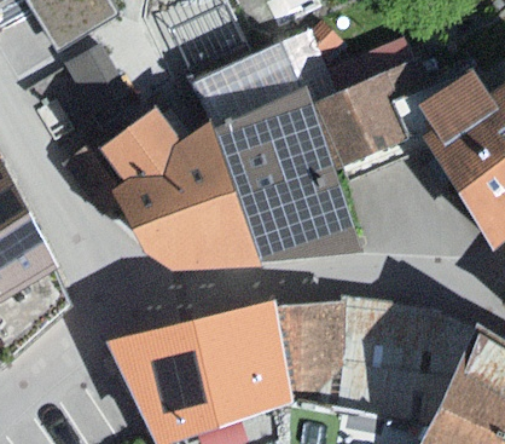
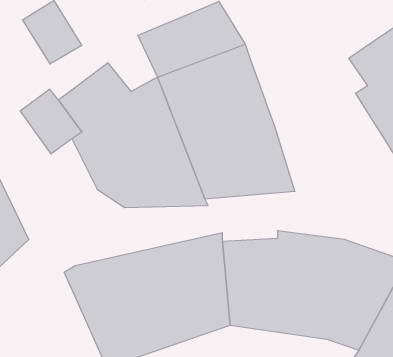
building: [318,57,442,177] -> none

